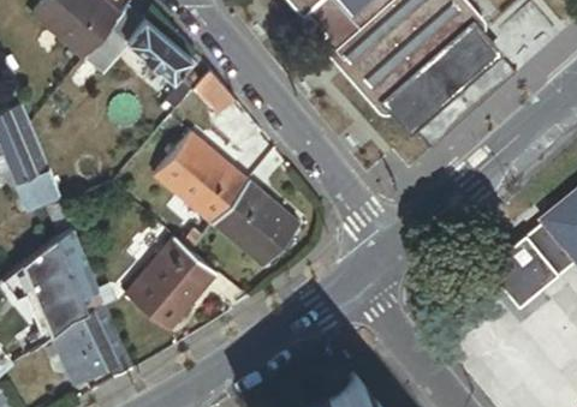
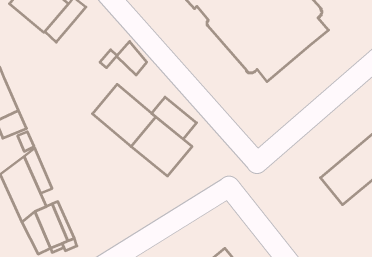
building: [127,19,190,79] -> none
building: none -> [152,97,197,139]
building: [125,237,215,329] -> none

